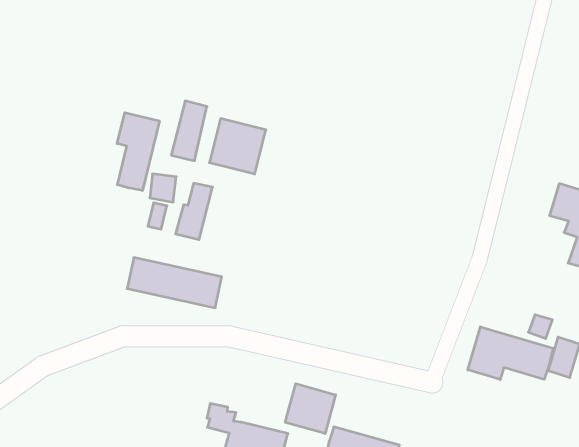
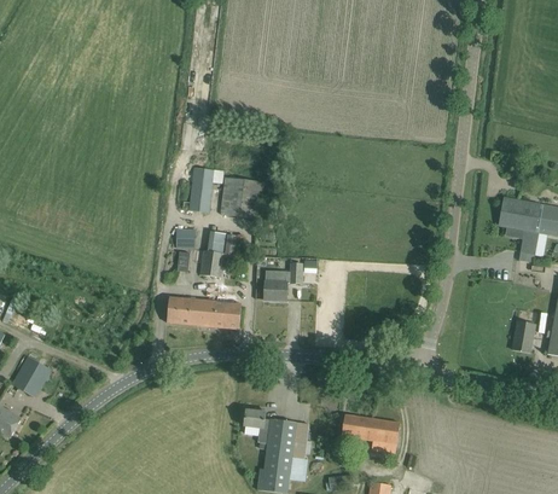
building: [117,113,159,191] -> none
building: none -> [265,263,302,300]
building: [468,327,553,380] -> none
building: [285,384,336,434] -> none

